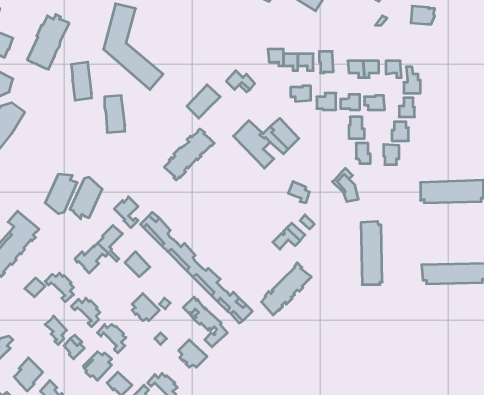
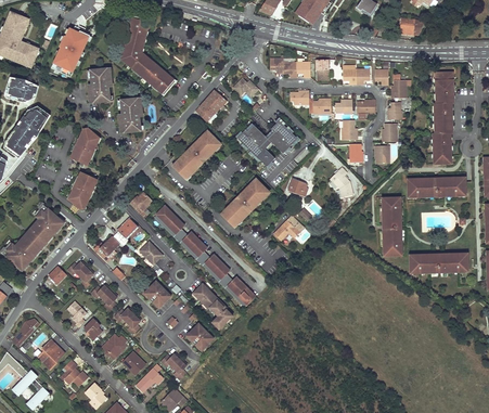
building: none -> [434,70,454,162]
building: [70,177,102,219] -> [69,127,99,165]
building: [361,221,382,285] -> [383,196,402,254]
building: [261,263,311,315] -> [223,177,269,224]

